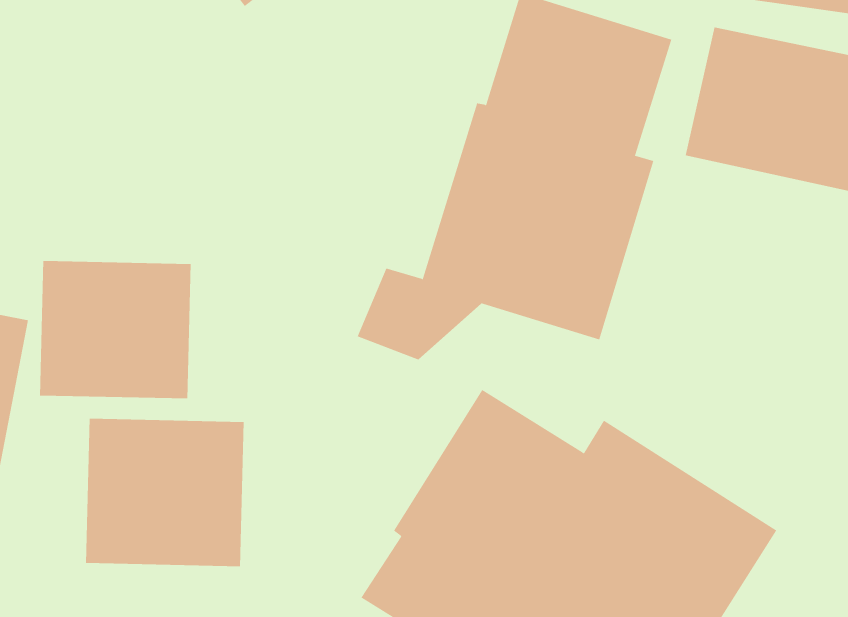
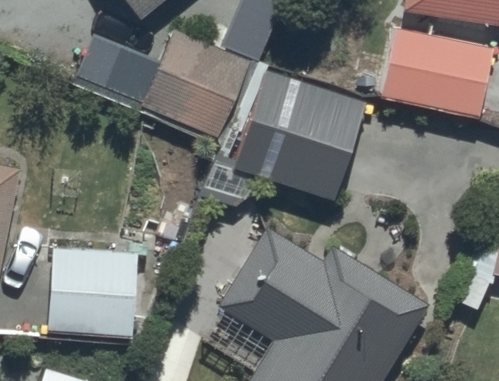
building: none -> [71,29,248,141]
building: [40,260,191,399] -> none

